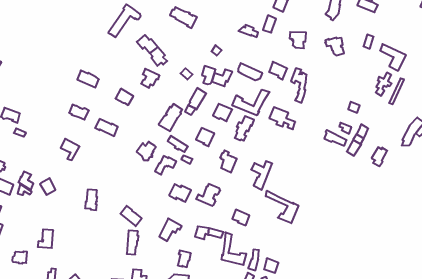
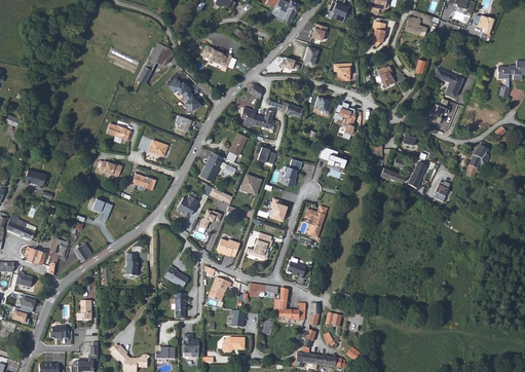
building: [232,90,270,115] -> none
building: [266,191,298,223] -> none

